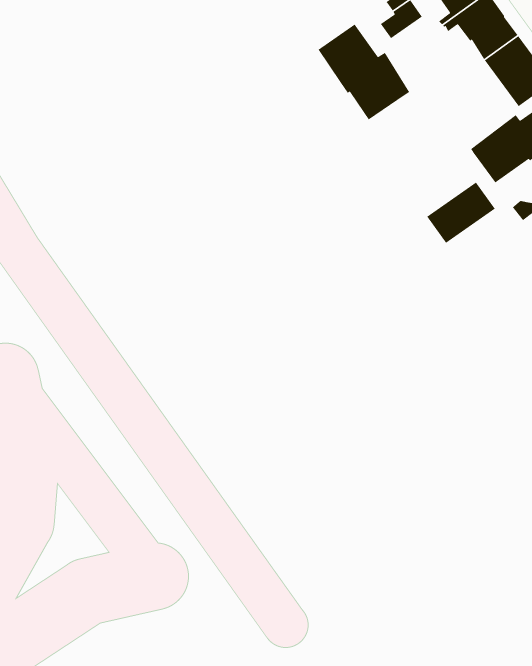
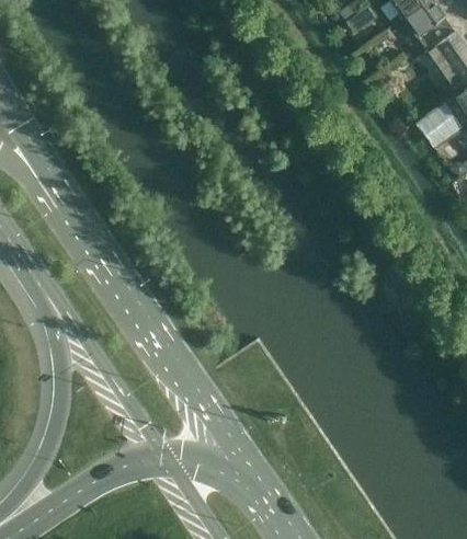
building: [318,23,410,120] -> none
building: [426,182,496,244] -> none

